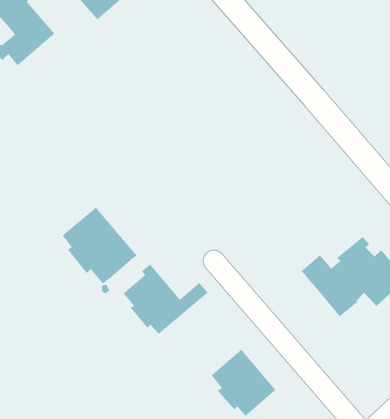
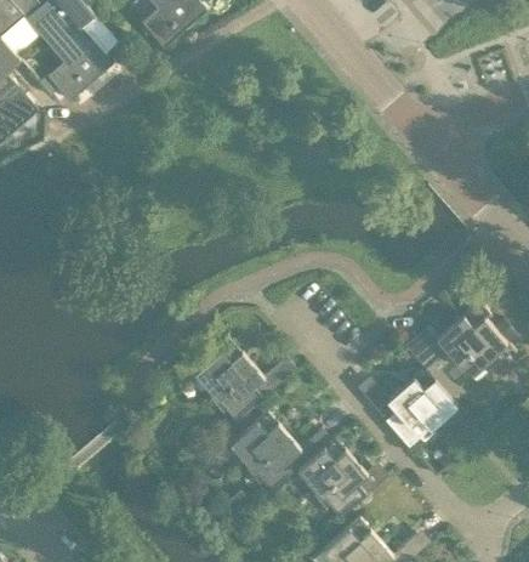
building: [62,207,138,284] -> none
building: none -> [365,368,453,442]
building: none -> [229,410,330,490]

